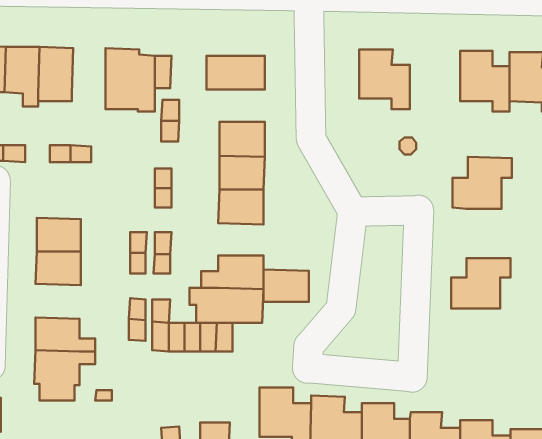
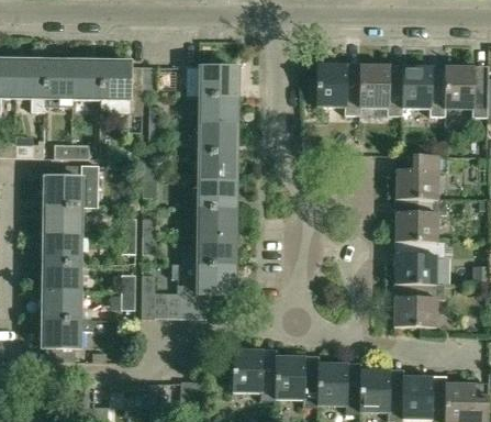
building: none -> [72,62,101,101]
building: none -> [359,64,402,114]
building: none -> [198,97,236,124]
building: none -> [43,164,99,207]
building: none -> [394,198,445,240]
building: [263,270,309,302] -> [197,210,235,237]
building: none -> [42,262,80,291]
building: none -> [394,282,444,327]

